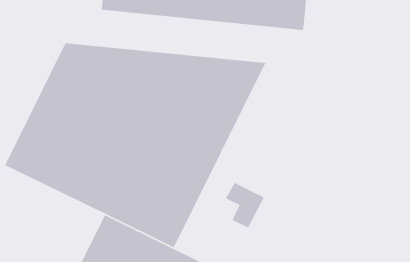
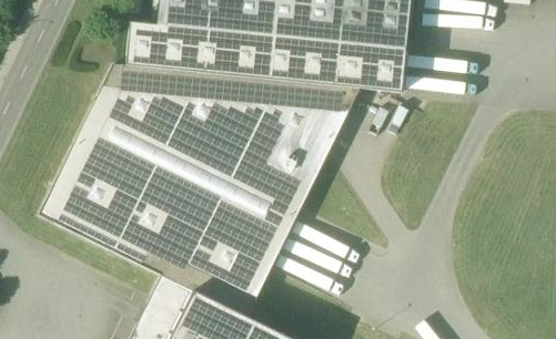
building: none -> [125,21,405,91]

